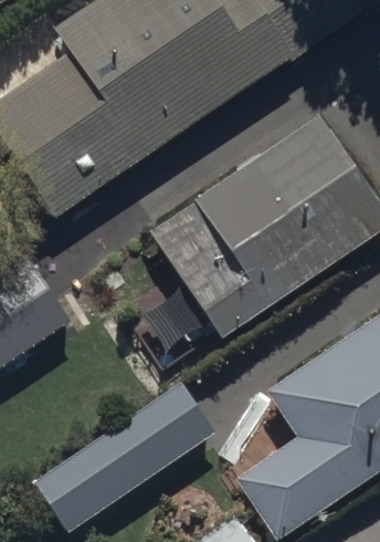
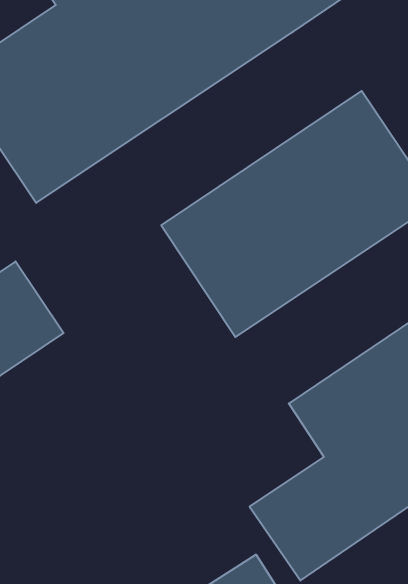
building: [32,381,215,531] -> none

